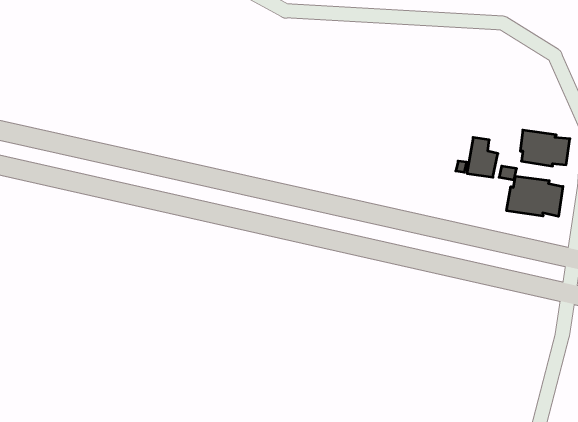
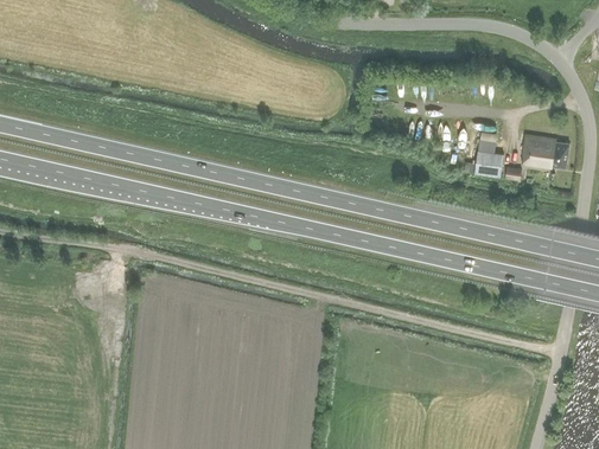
building: [507,176,563,216] -> none

